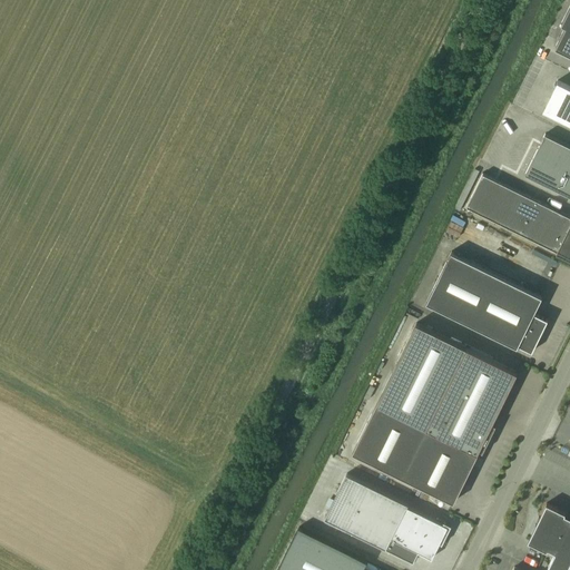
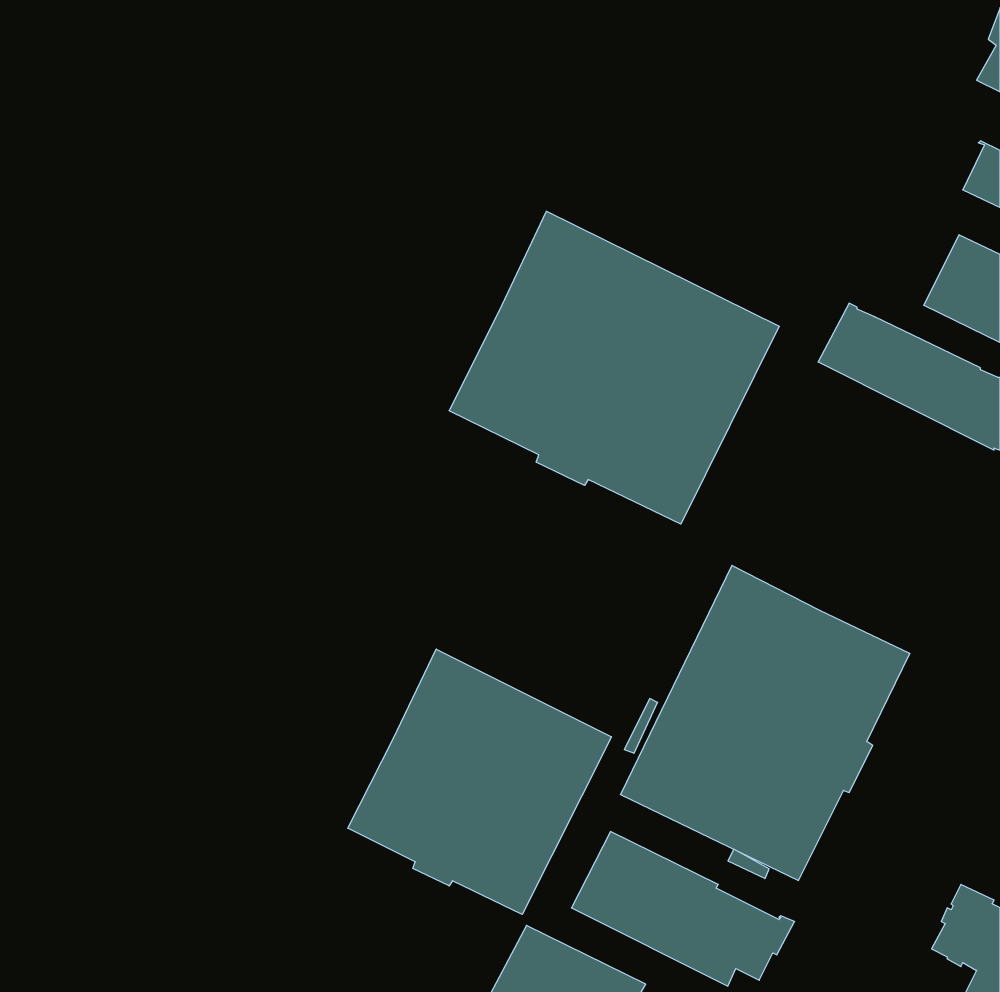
building: none -> [449,211,779,524]
building: [426,256,548,355] -> none
building: none -> [348,649,611,914]

